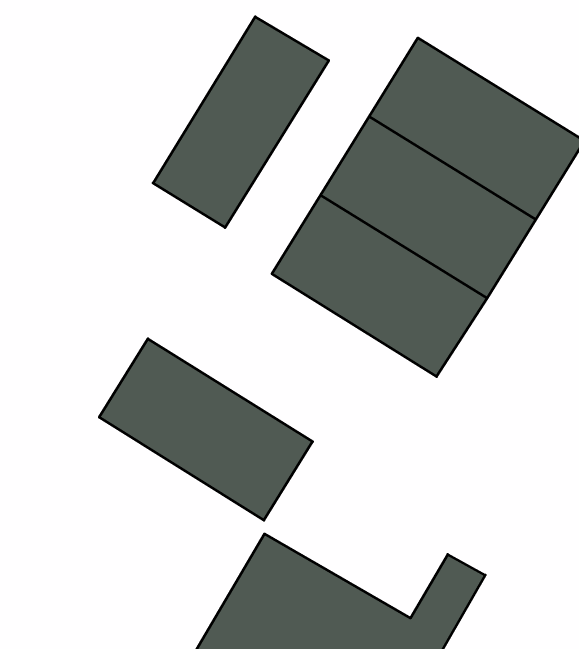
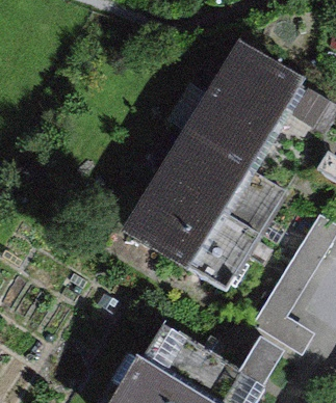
building: [153,17,329,228] -> none
building: [99,339,313,520] -> [130,191,249,292]

